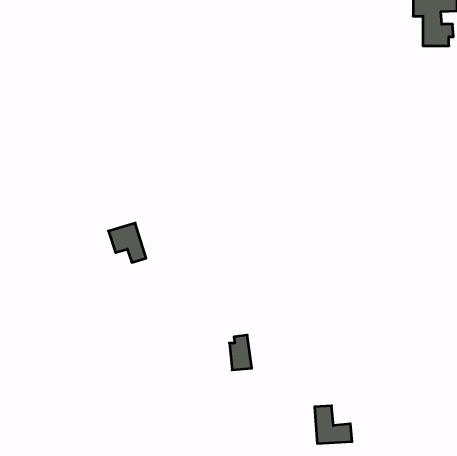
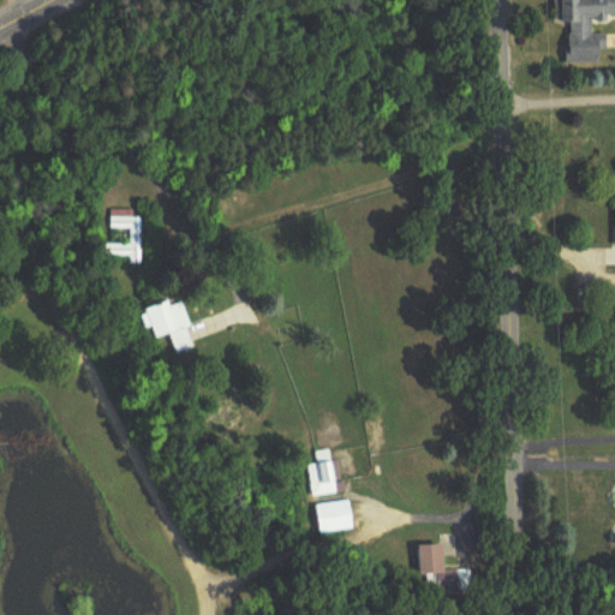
building: none -> [106,209,138,263]
building: none -> [316,500,354,533]

